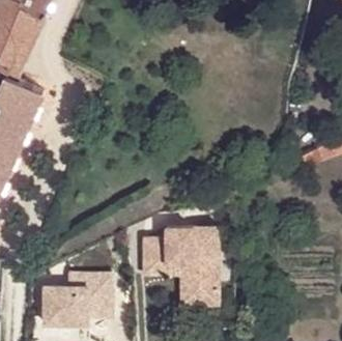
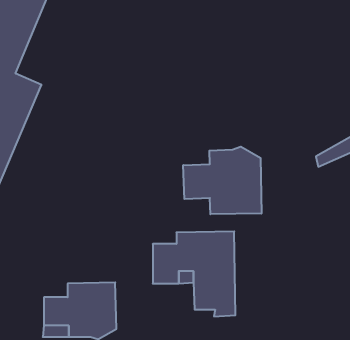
building: none -> [183,147,261,214]

